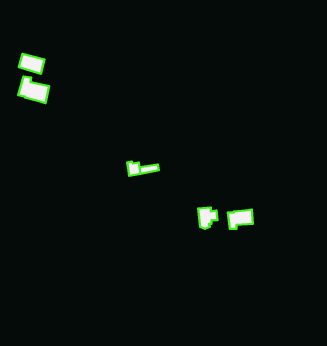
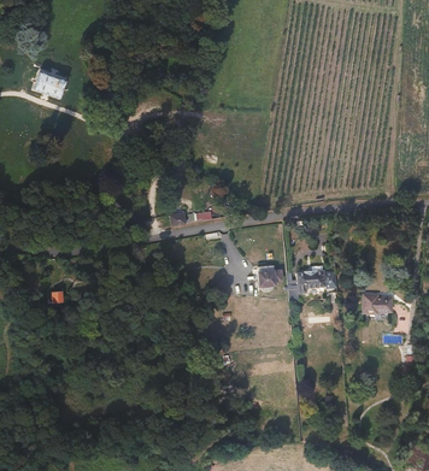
building: [18,76,49,103] -> none
building: none -> [363,294,394,314]

